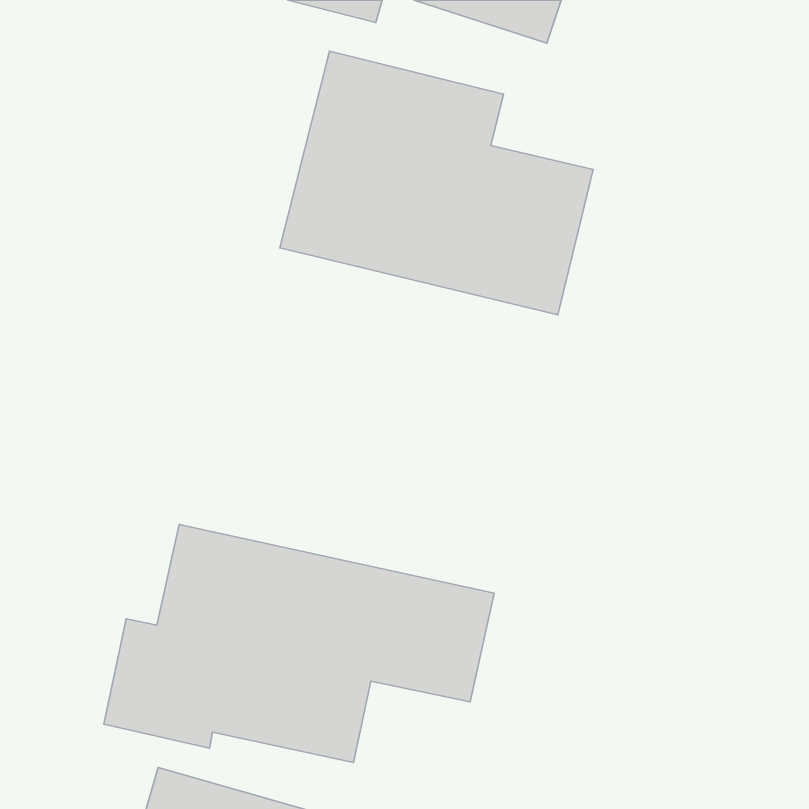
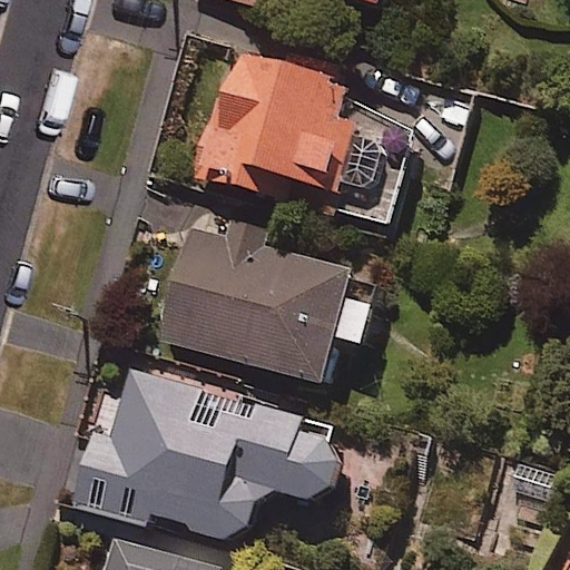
building: none -> [157,227,372,382]

